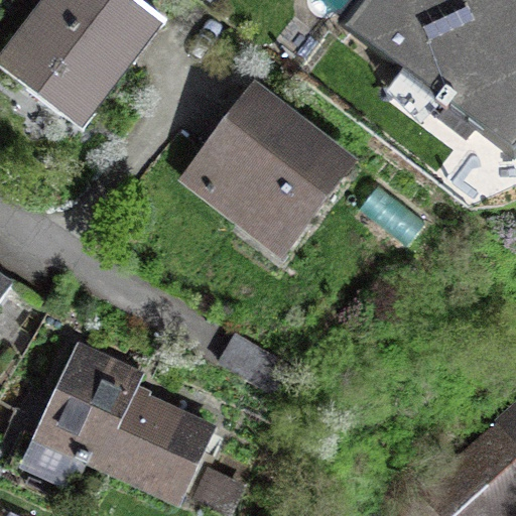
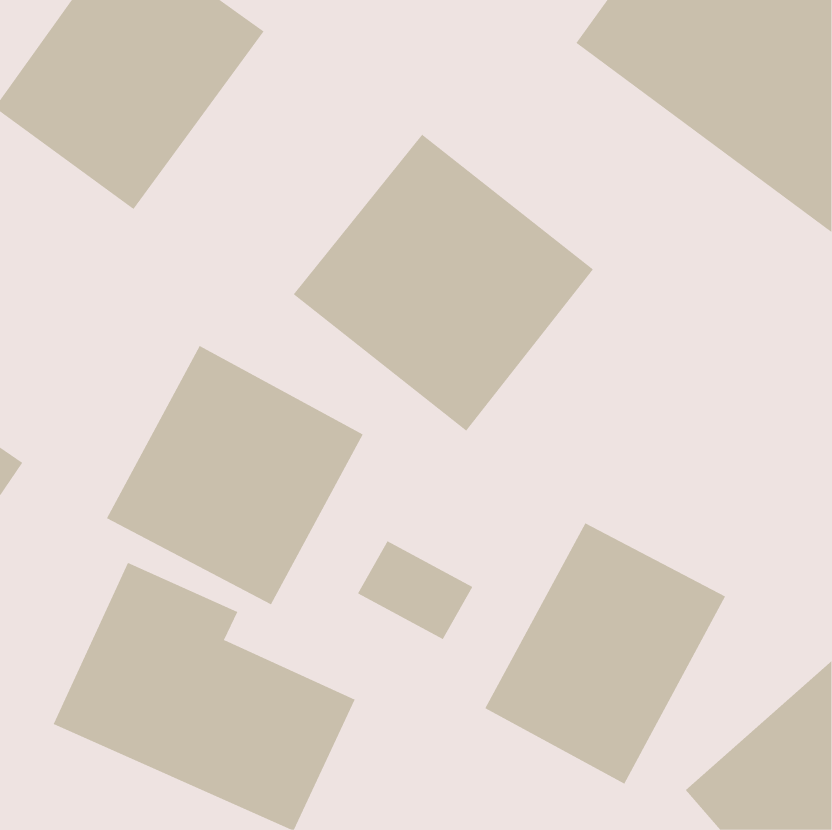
building: none -> [106,345,364,605]
building: none -> [485,522,726,784]

